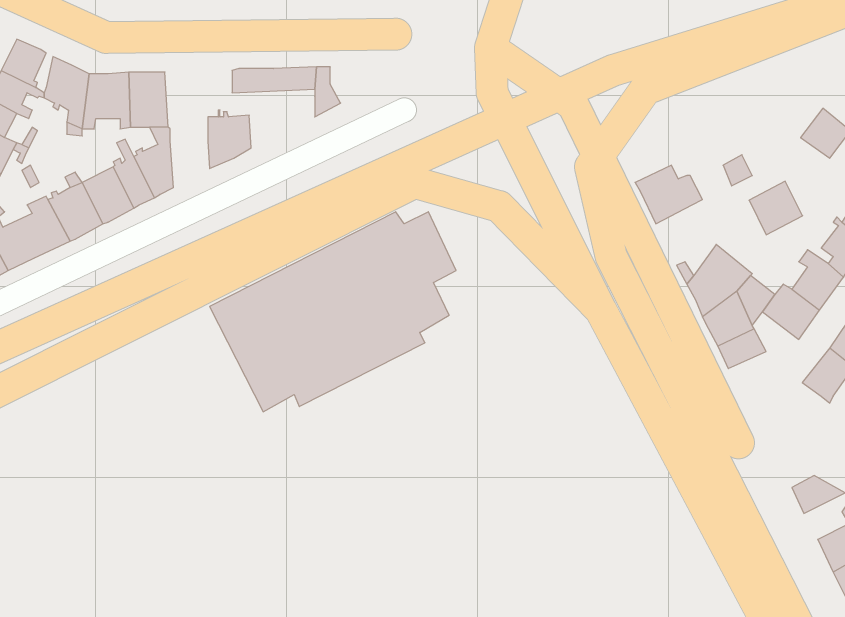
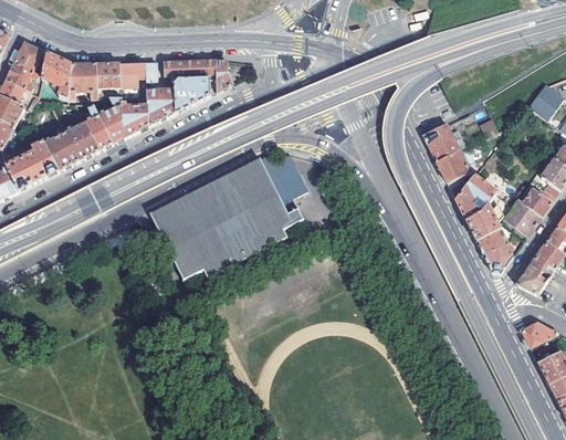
building: none -> [119,61,157,99]
building: none -> [174,78,210,111]
building: none -> [123,106,148,136]
building: [749,181,803,235] -> [434,147,469,181]
building: none -> [481,241,512,271]
building: none -> [515,261,542,292]

